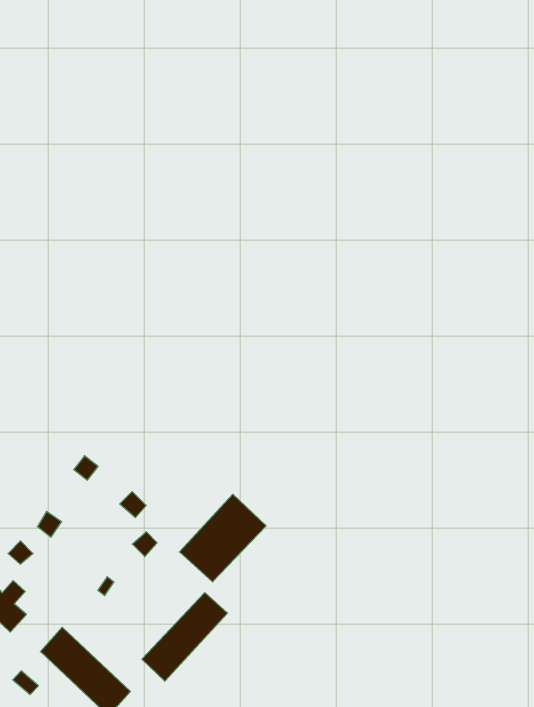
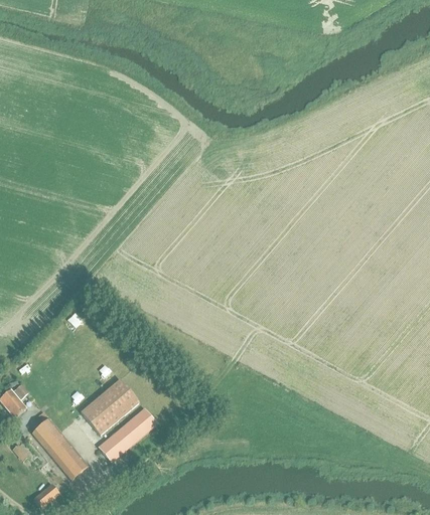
building: [179,494,266,582] -> [81,378,139,434]

